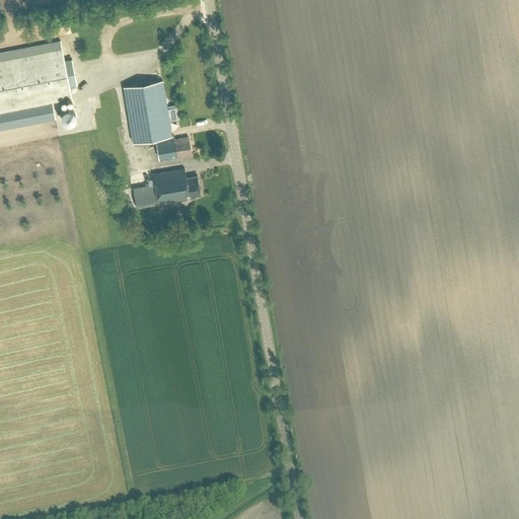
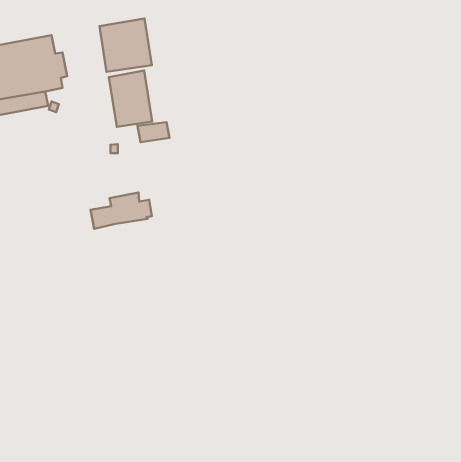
building: none -> [99,19,152,72]
building: [131,168,200,209] -> [90,193,152,229]

